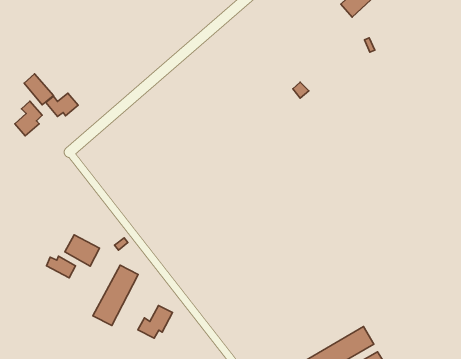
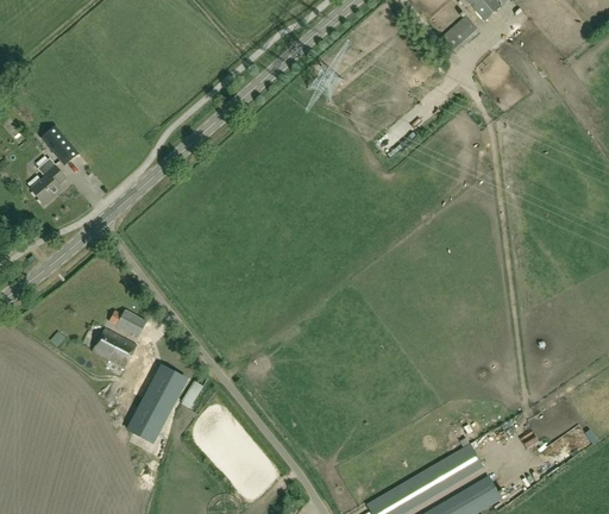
building: [46,93,78,117] -> none
building: [46,256,76,278] -> [108,309,145,337]
building: [138,306,173,338] -> none

